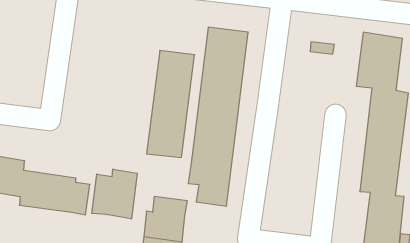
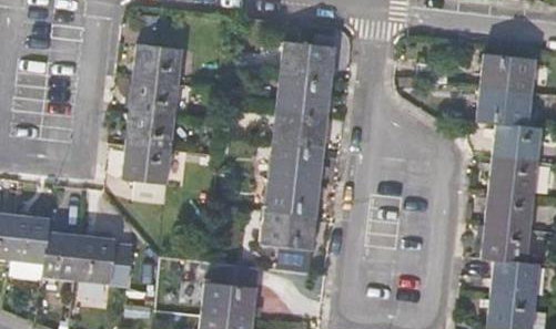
building: [147,51,195,157] -> [124,48,185,184]
building: [92,169,137,219] -> none

